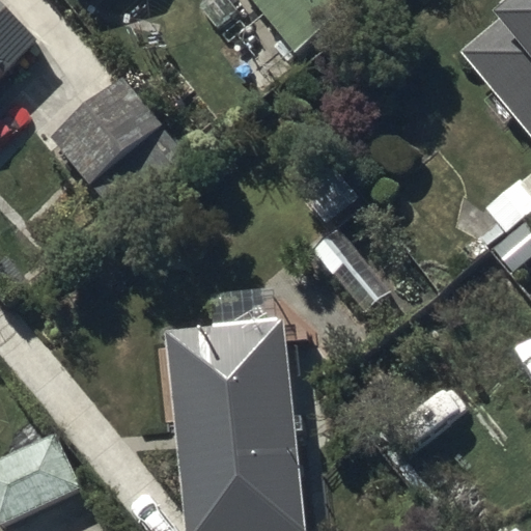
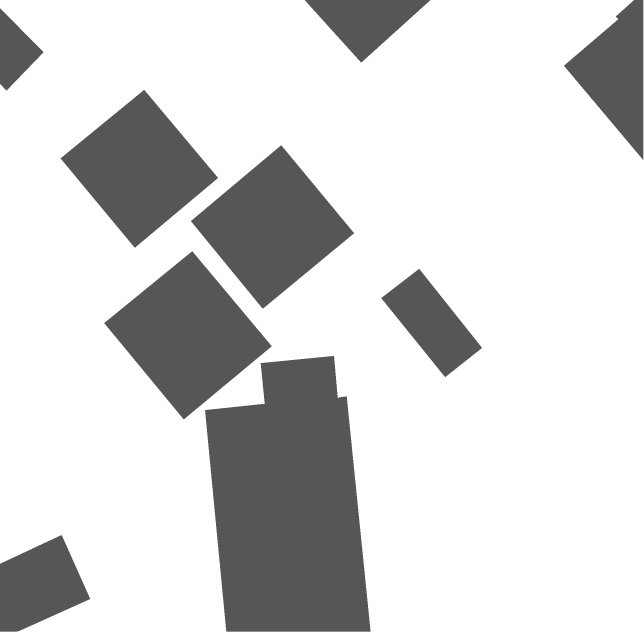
building: none -> [190,144,355,310]
building: none -> [103,250,273,420]

